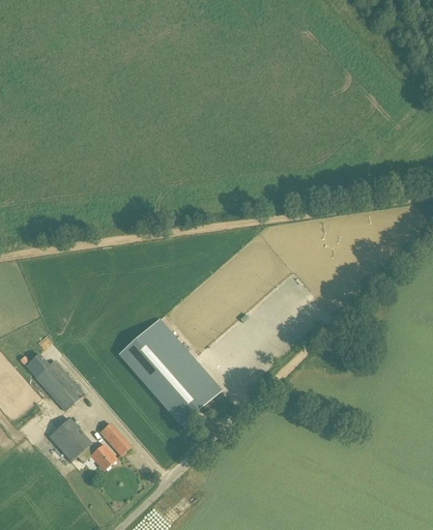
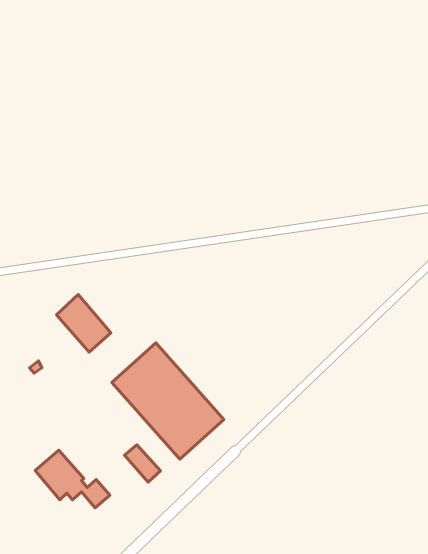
building: [34,358,84,411] -> [57,294,111,352]
building: [98,421,132,455] -> [124,445,161,482]

